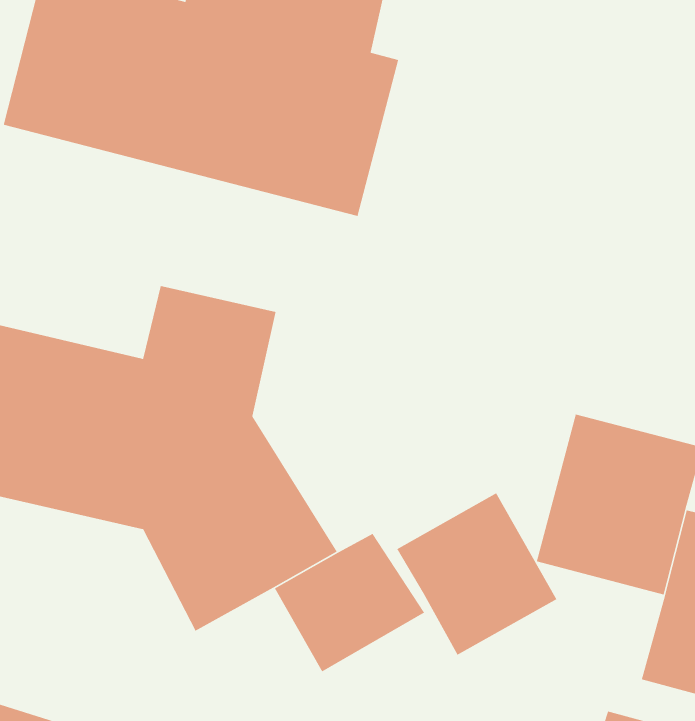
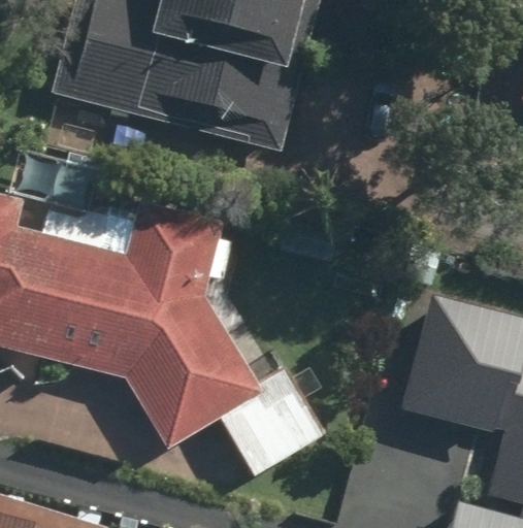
building: [396,492,557,656] -> none

